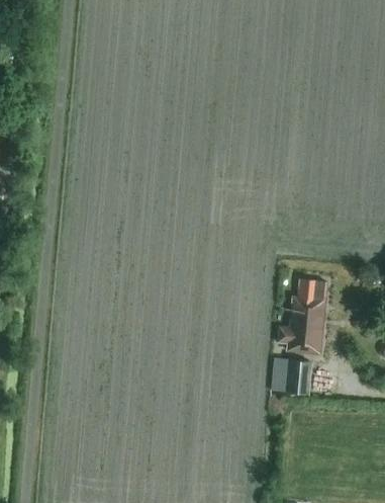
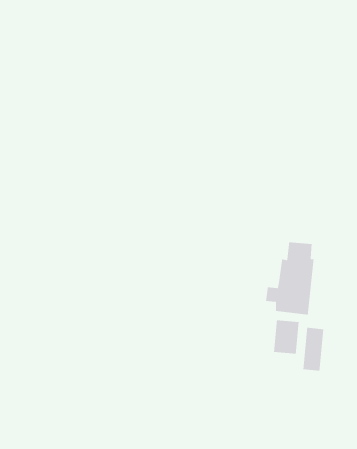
building: none -> [303,327,324,371]

